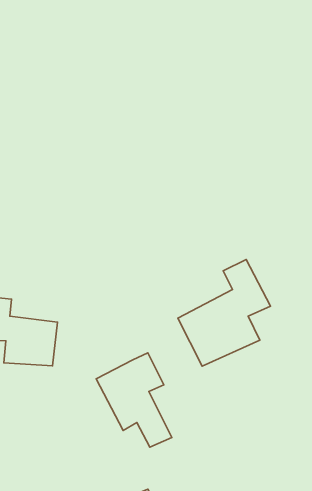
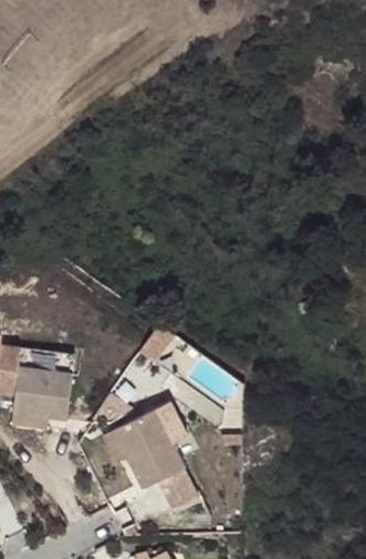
building: [178,259,270,366] -> none

